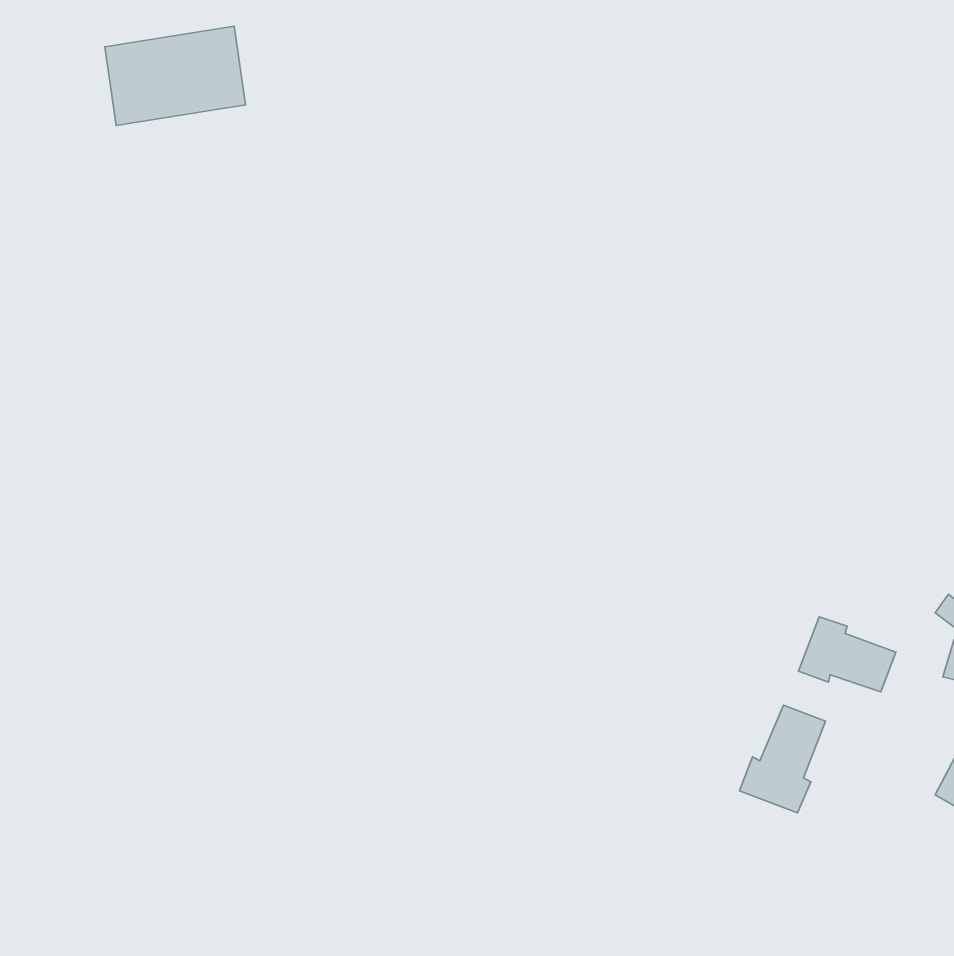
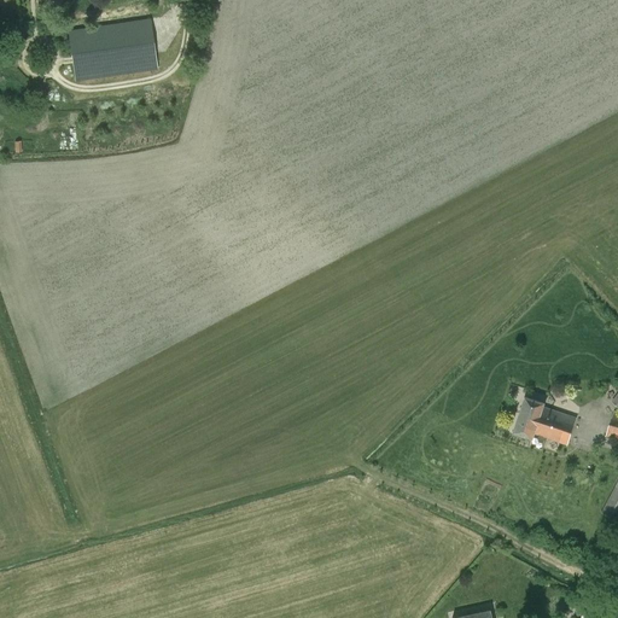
building: [740,705,825,813] -> none

